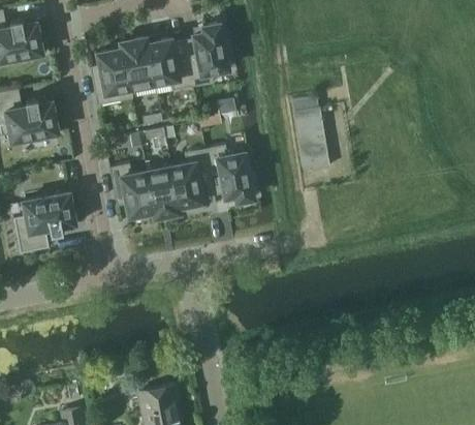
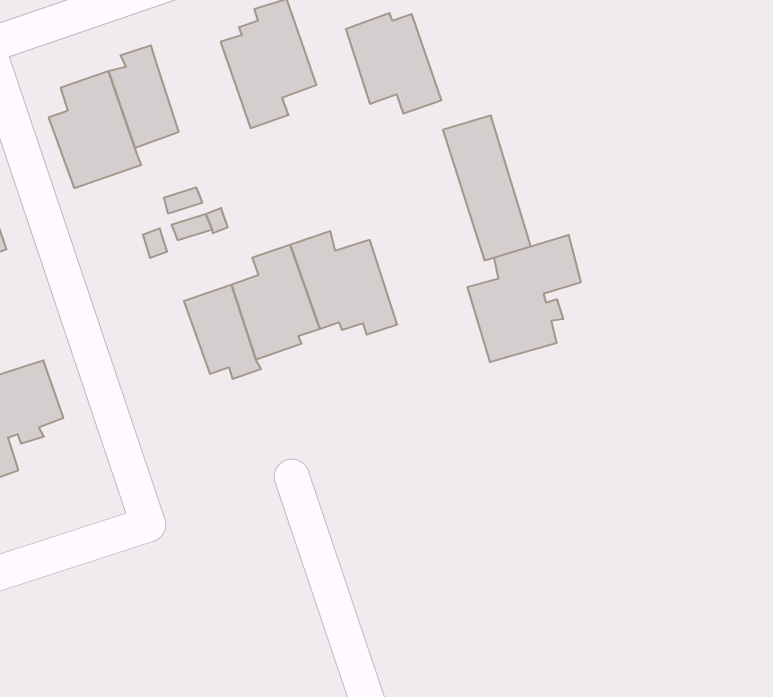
building: [149,38,193,91] -> [346,13,441,113]
building: [110,163,155,216] -> none
building: none -> [467,235,581,362]

